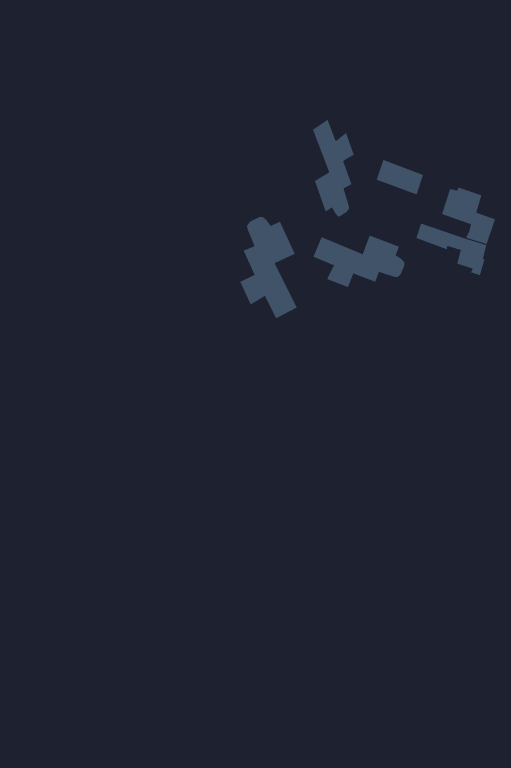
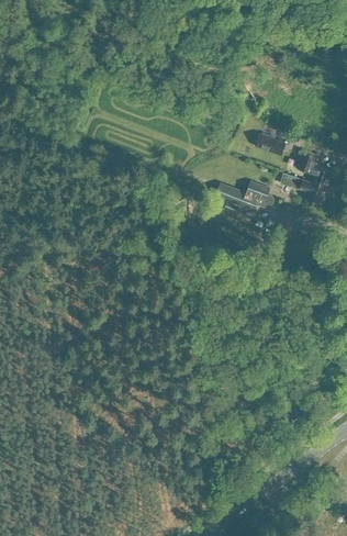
building: [312,119,354,217] -> none
building: [239,216,297,319] -> none

